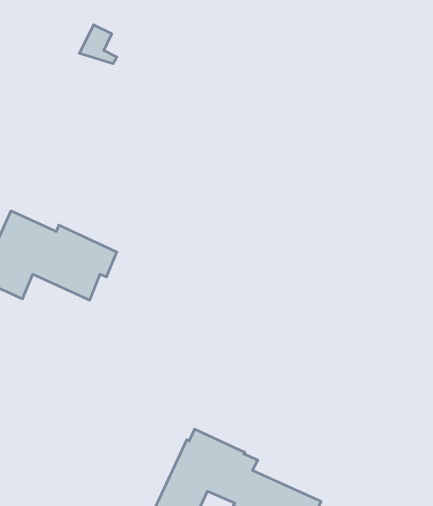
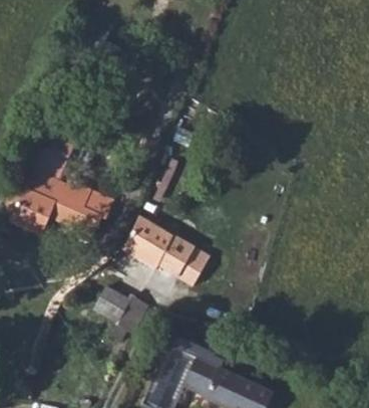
building: none -> [124,217,211,285]
building: none -> [95,286,149,342]

